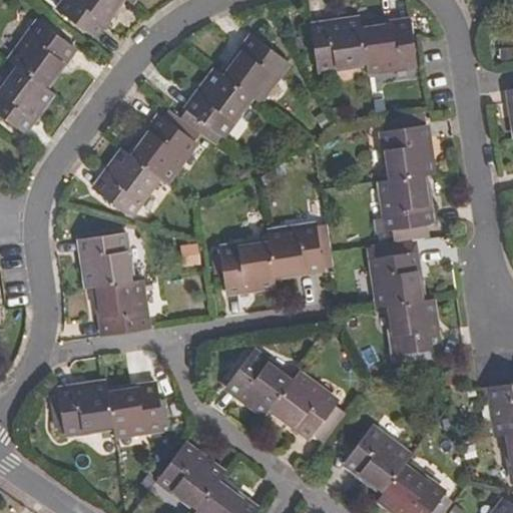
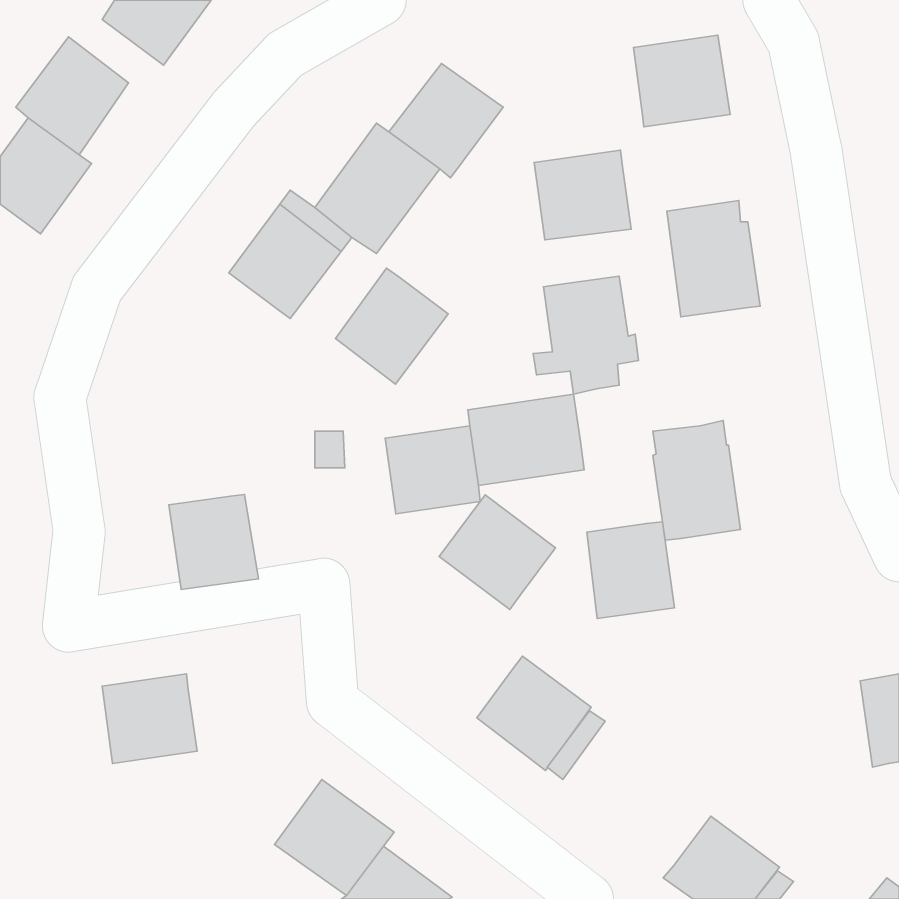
building: [311,19,366,70] -> [534,150,631,240]
building: [94,150,158,216] -> [336,268,448,384]
building: [376,175,436,242] -> [533,276,639,394]
building: [80,232,131,290] -> none
building: [388,301,438,356] -> [587,522,675,619]
building: [225,352,292,417] -> [439,495,555,609]
building: [107,387,162,436] -> none
building: [345,428,410,493] -> none

